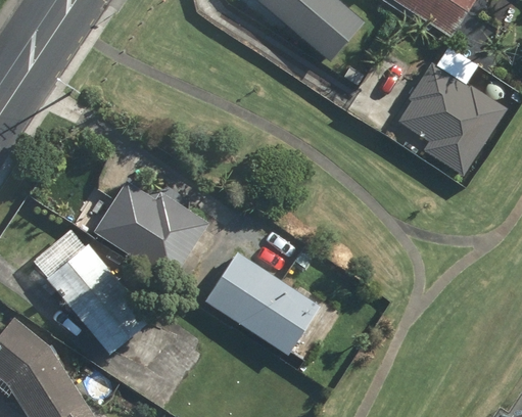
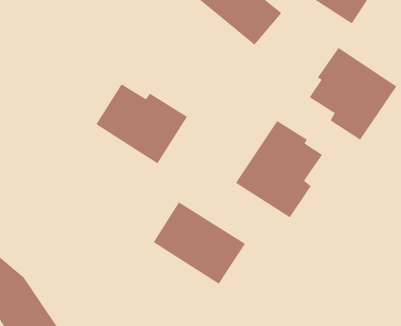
building: none -> [235,120,323,218]
building: [94,180,207,279] -> [96,84,188,164]
building: [45,244,150,354] -> none

